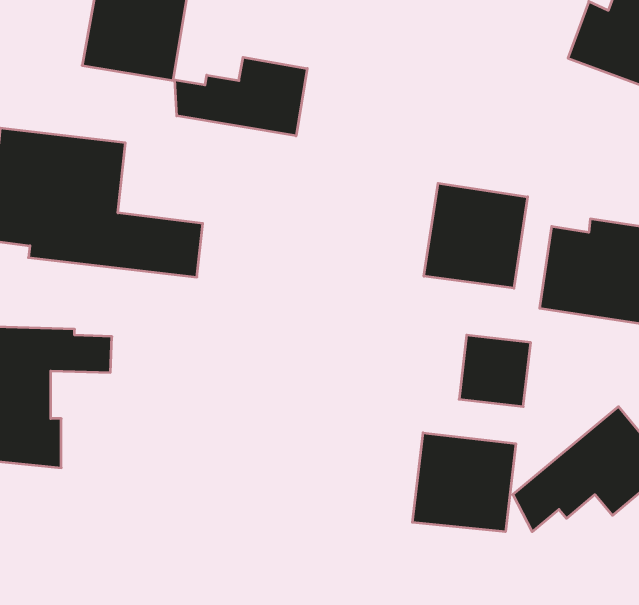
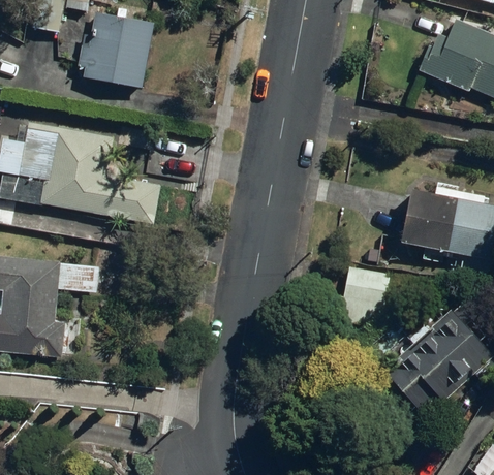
building: [175,57,307,136] -> none
building: [424,183,528,288] -> none
building: [412,433,516,532] -> none

